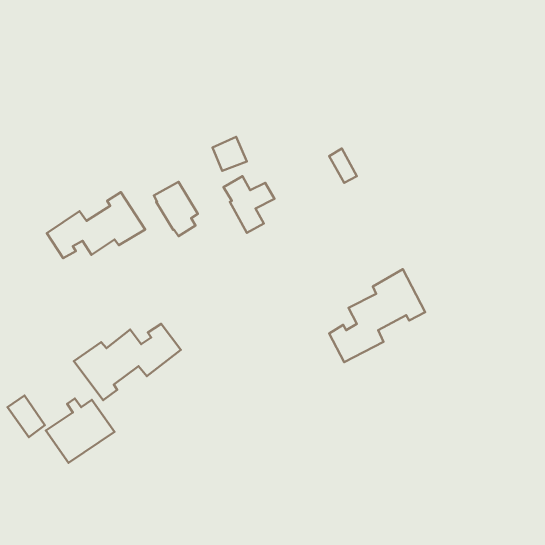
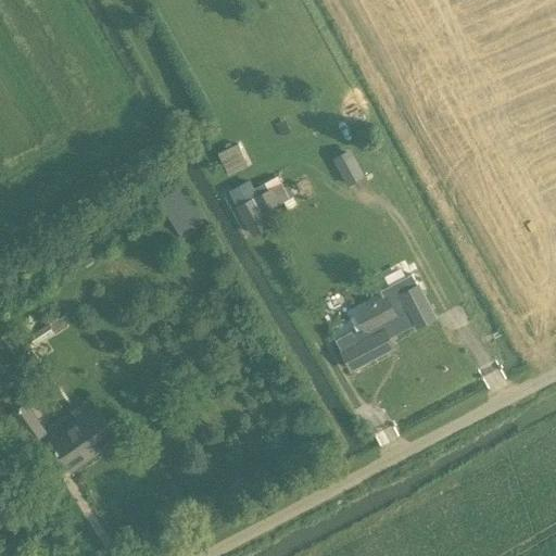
building: [47,192,145,258] -> none
building: [74,324,181,400] -> none

